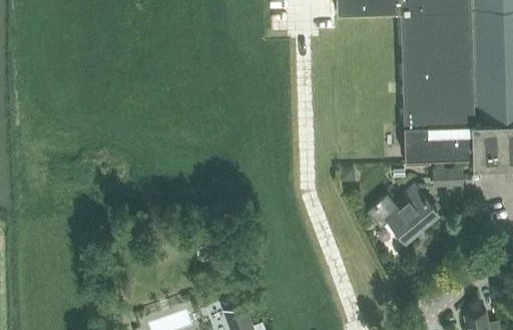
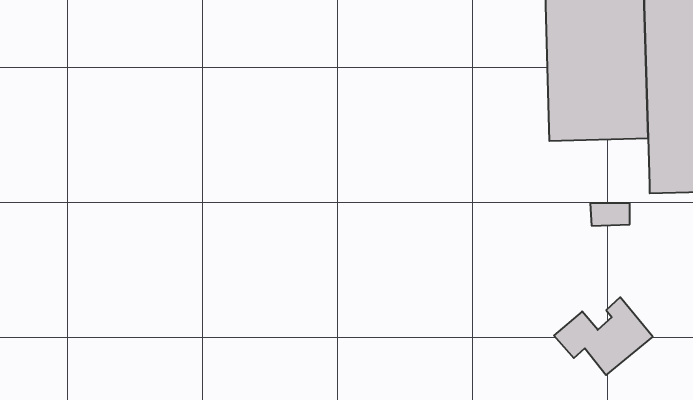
building: [404,122,475,164] -> none
building: [367,183,437,238] -> [554,297,653,375]

